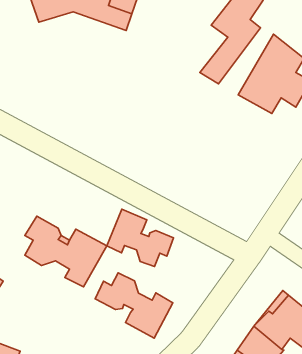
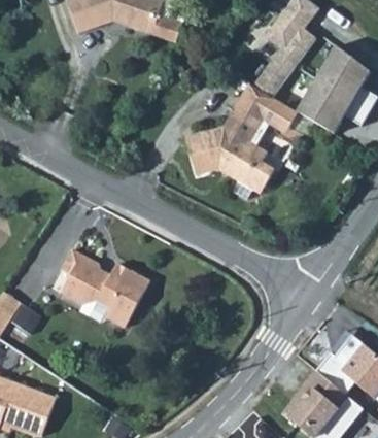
building: none -> [182,86,299,199]
building: [107,209,174,267] -> none
building: [95,273,173,338] -> none

